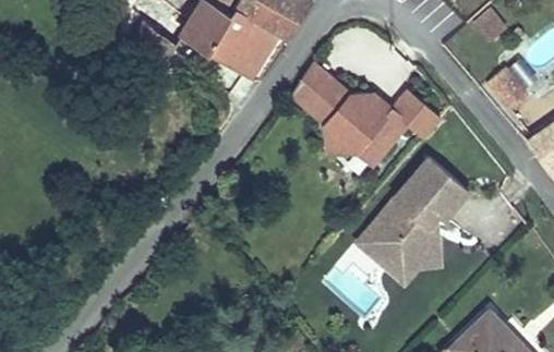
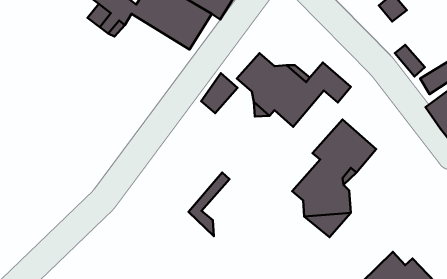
building: [290,62,333,109] -> [201,73,238,113]
building: [356,196,404,270] -> [188,173,230,236]

